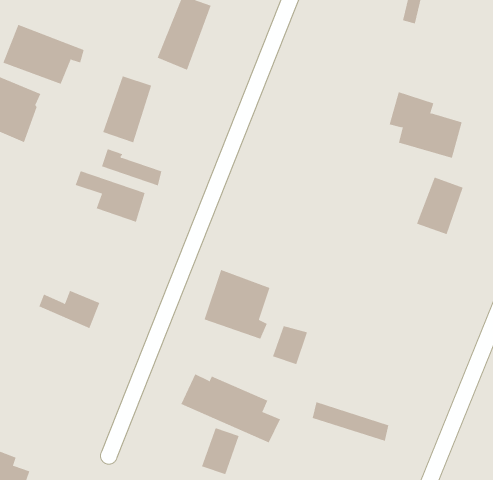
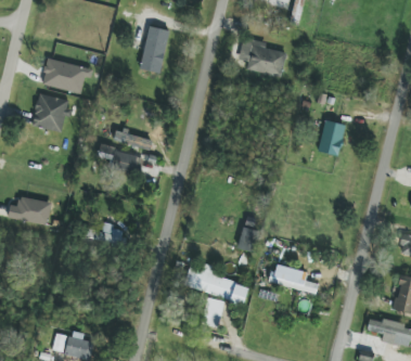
building: [103,75,152,143] -> none
building: [389,91,462,158] -> [239,38,285,76]
building: [204,269,270,339] -> none

